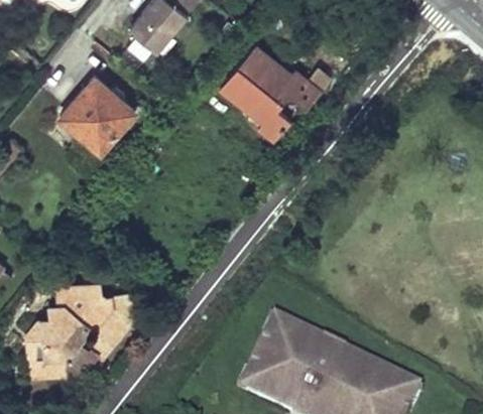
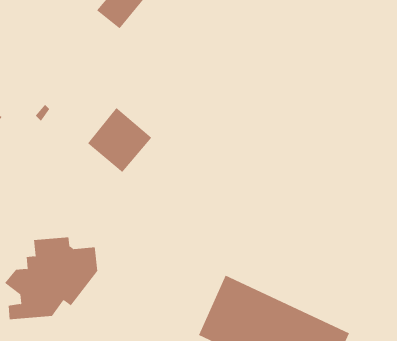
building: [221,42,330,138] -> none
building: [63,74,135,147] -> [87,107,152,173]

